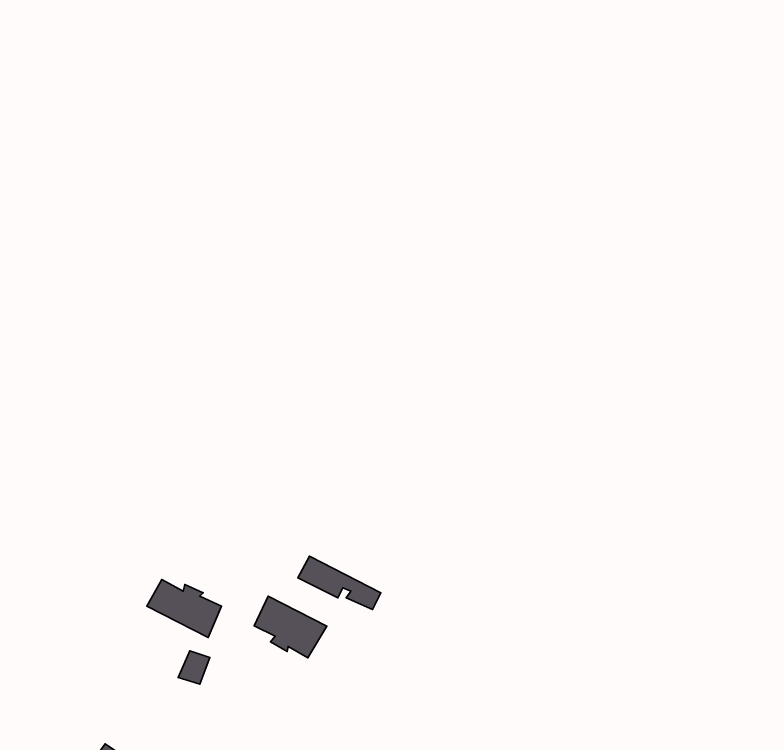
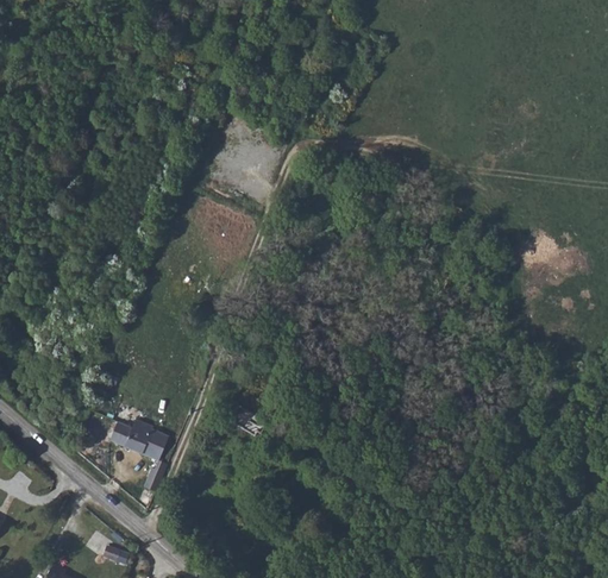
building: [254,596,327,658] -> none

